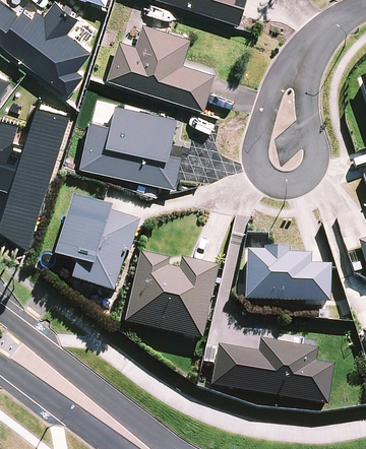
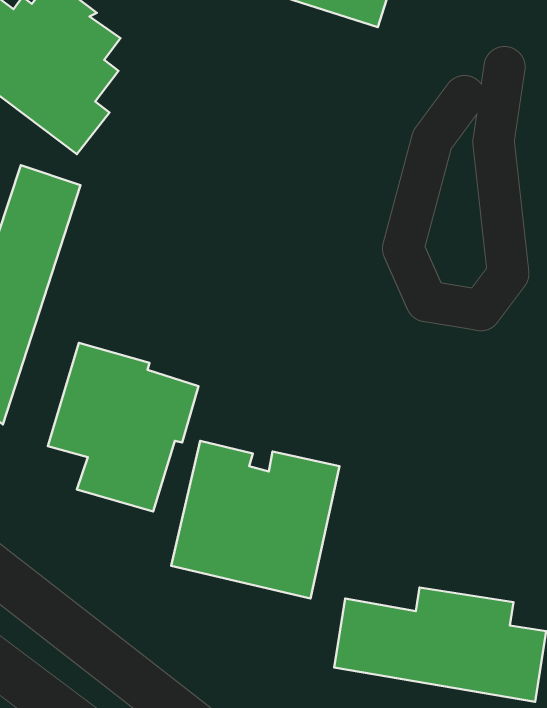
building: [107,24,213,110] -> none
building: [79,104,181,188] -> none
building: [248,247,329,301] -> none

